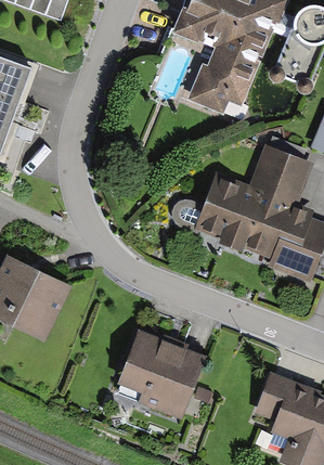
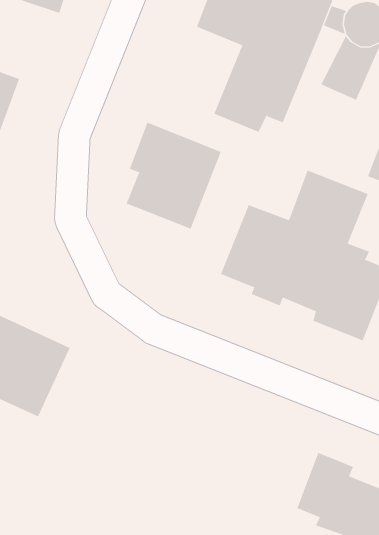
building: none -> [126,122,222,230]
building: [117,331,204,418] -> none

